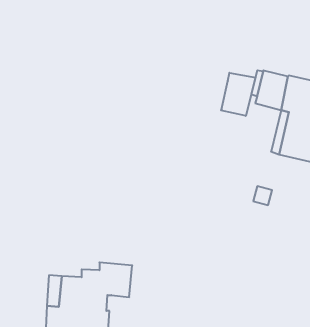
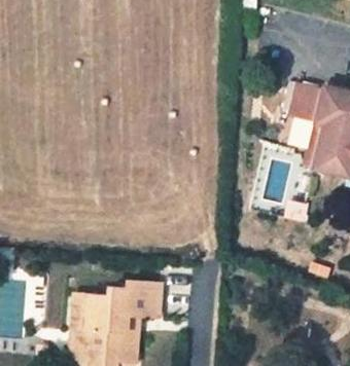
building: [221,73,255,116] -> none

